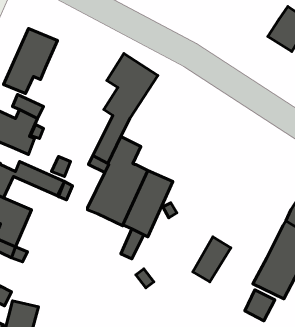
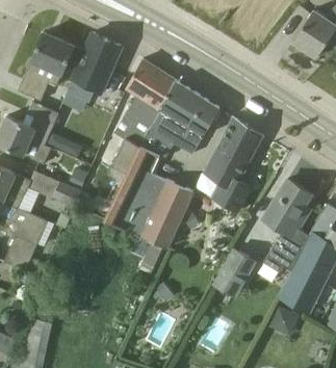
building: none -> [64,32,121,99]
building: none -> [147,81,219,153]
building: none -> [202,115,261,213]
building: none -> [263,179,311,271]

